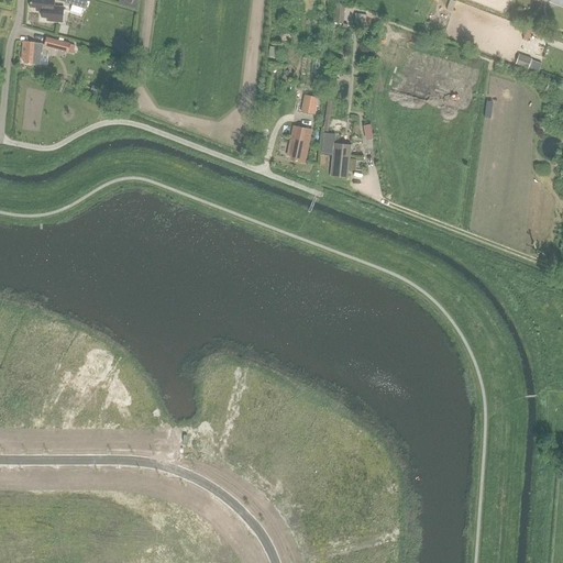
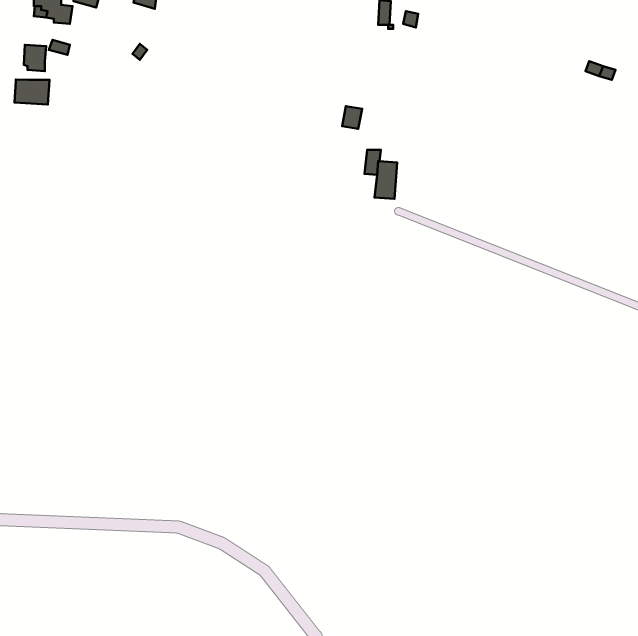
building: none -> [14,79,49,105]
building: [287,123,311,161] -> none

